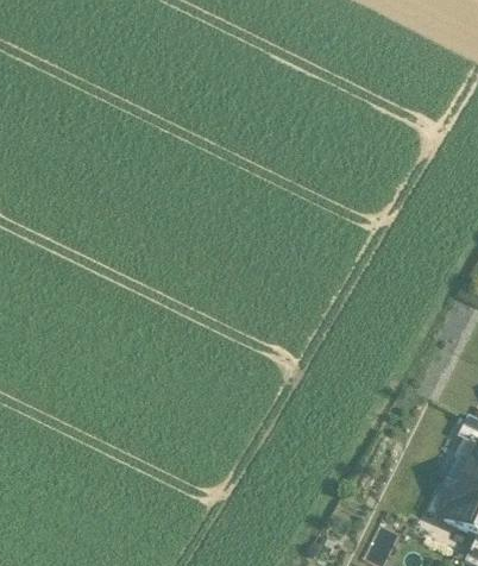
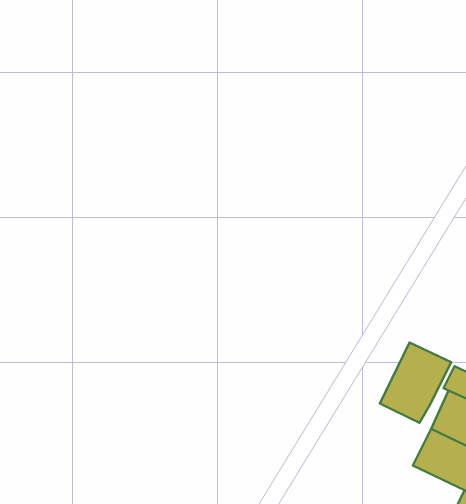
building: none -> [380,342,451,423]

